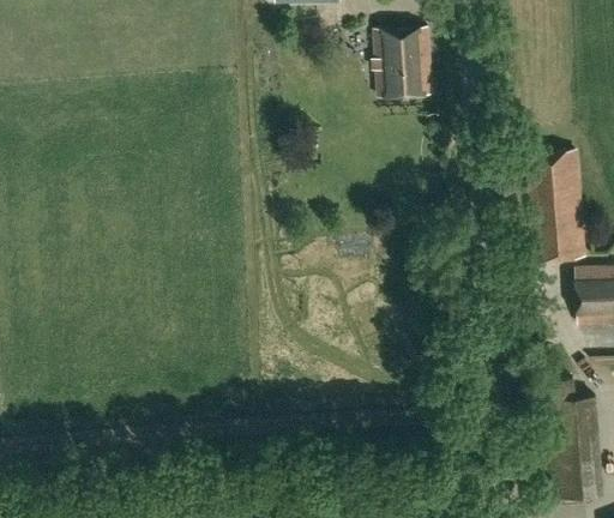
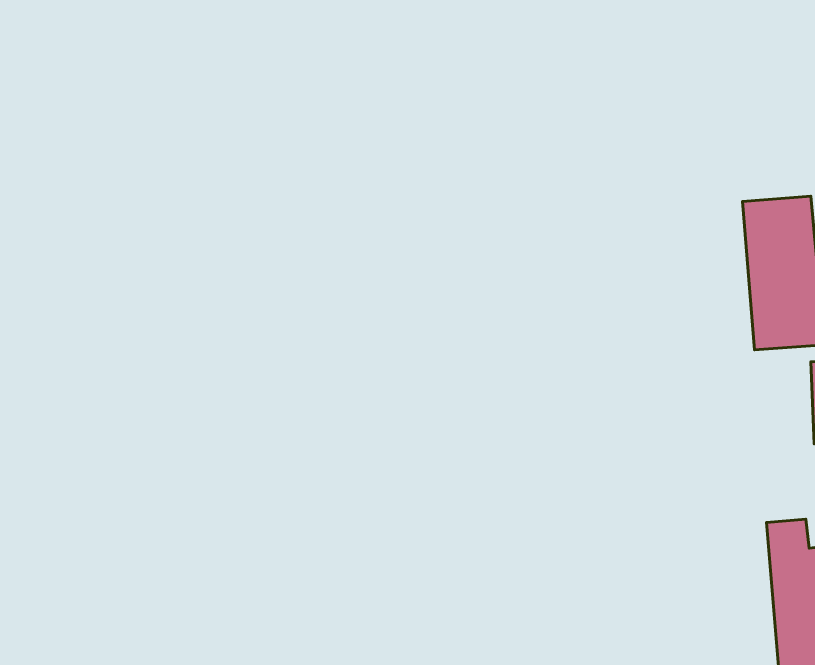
building: [374,30,433,101] -> none

